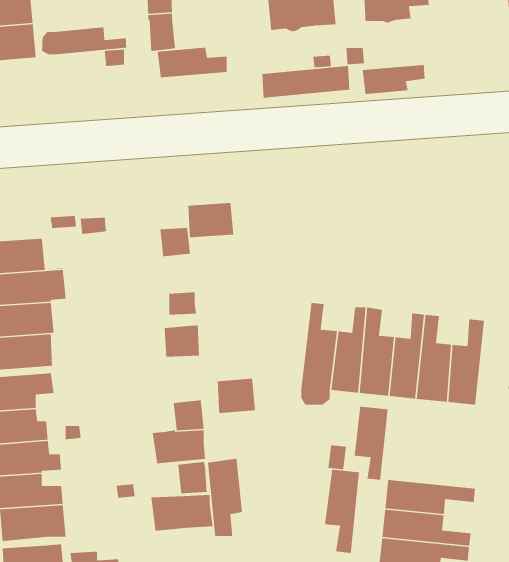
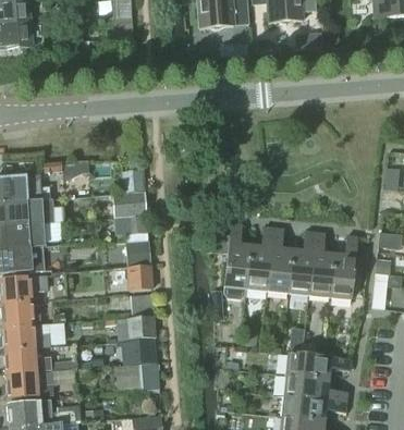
building: [41,26,127,55] -> none
building: [157,47,228,78] -> none
building: [362,64,426,95] -> none
building: [262,65,350,99] -> none
building: [188,202,234,238] -> [114,192,148,218]
building: [217,378,256,414] -> [126,265,155,291]
building: [354,406,389,481] -> none
building: [207,458,243,537] -> none
building: [324,469,360,554] -> none

